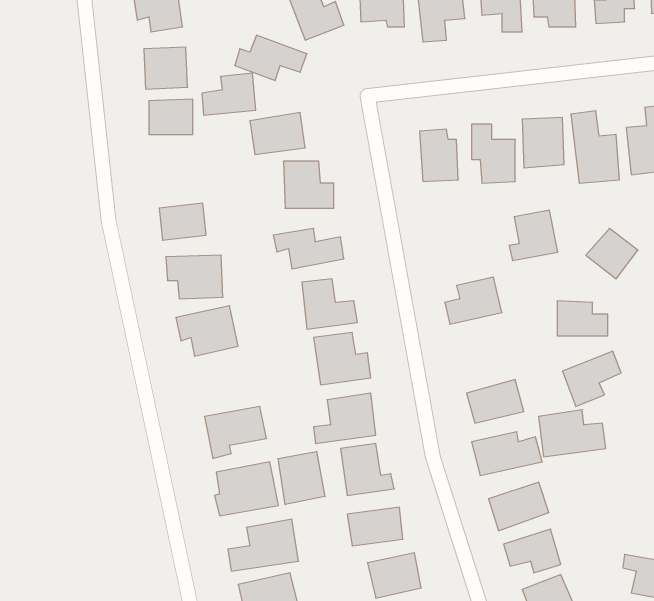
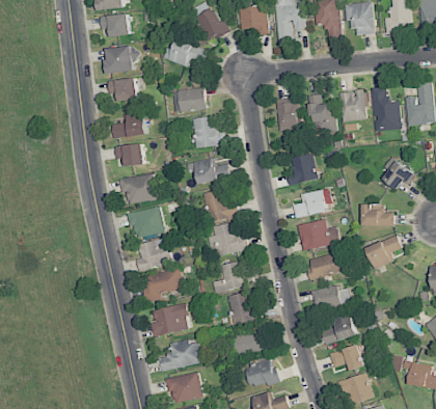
building: [202,73,256,115] -> [112,112,145,138]
building: [509,210,558,261] -> [287,154,317,185]
building: none -> [137,239,169,269]
building: [539,410,606,457] -> [297,220,338,249]
building: [278,451,325,505] -> none

